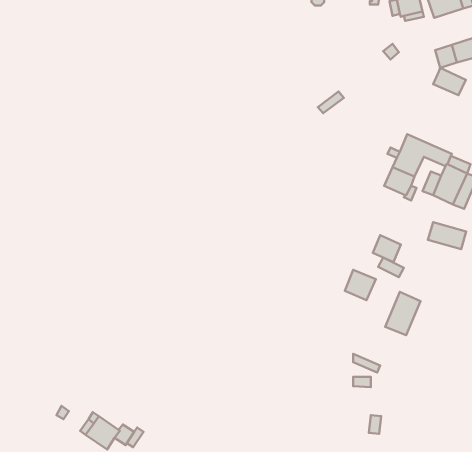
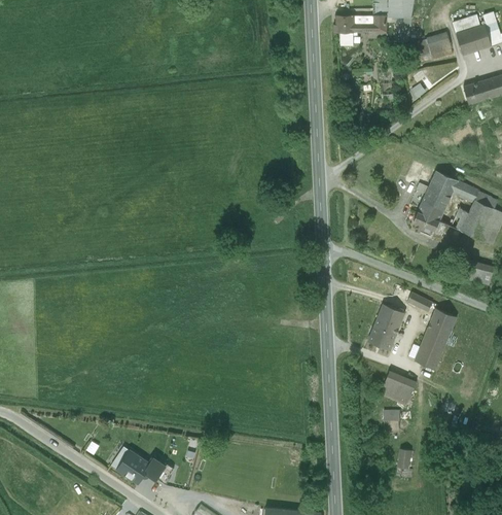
building: [433,68,466,95] -> none
building: [373,235,401,262] -> [428,309,456,336]
building: none -> [367,325,395,351]
building: none -> [382,372,416,400]

